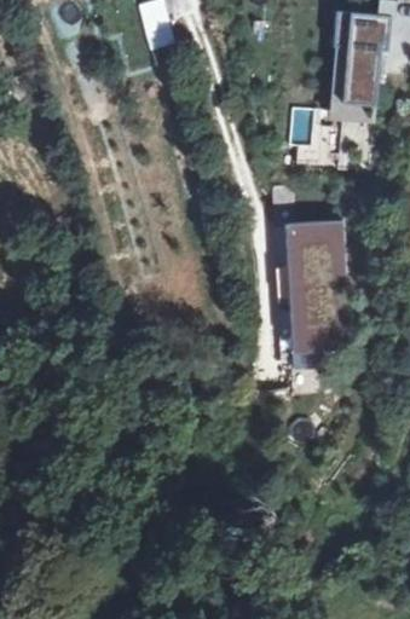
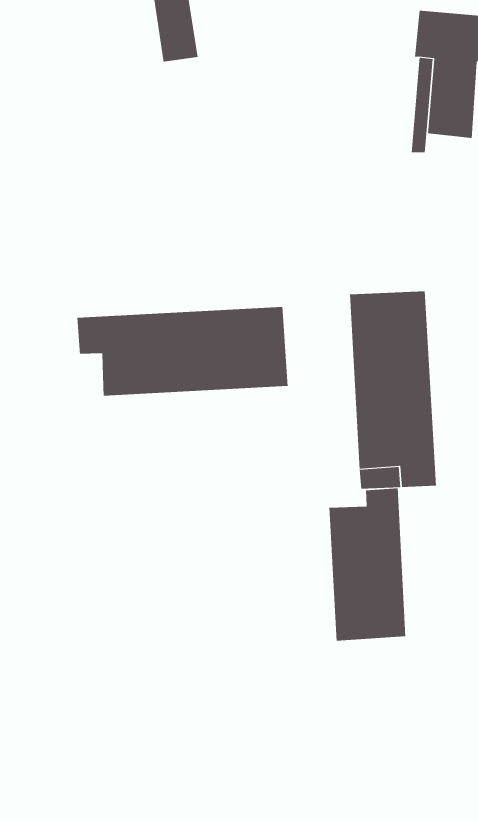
building: none -> [77,306,288,397]
building: none -> [329,488,406,641]

